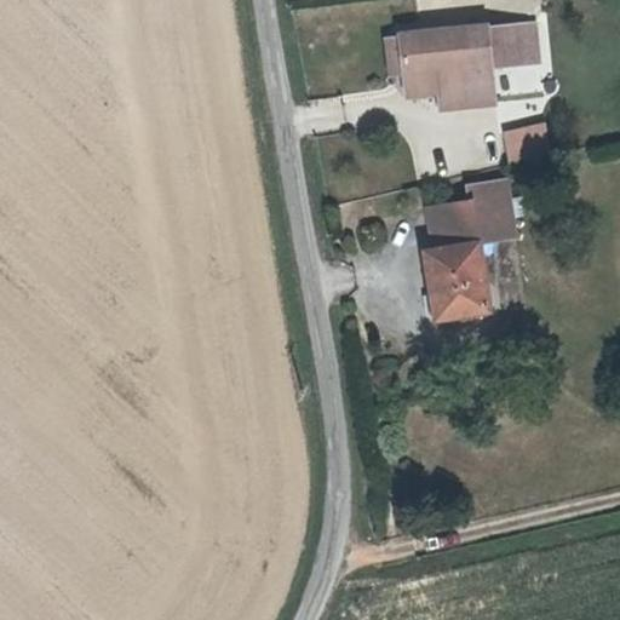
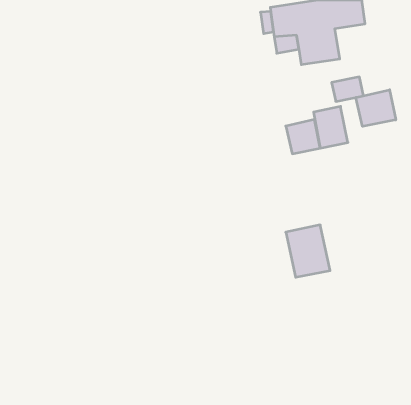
building: none -> [356,90,396,126]
building: [423,239,488,316] -> [286,225,330,277]

